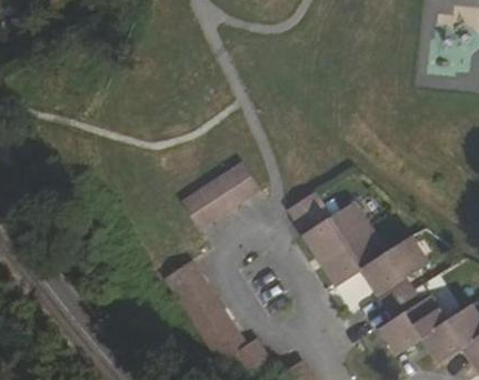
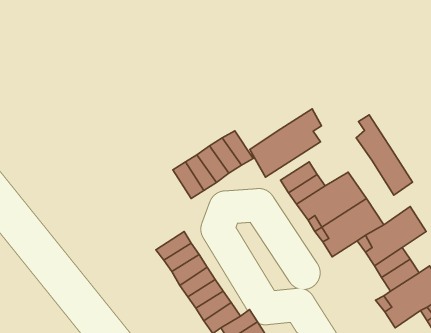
building: none -> [250,109,322,177]
building: none -> [356,115,413,195]

